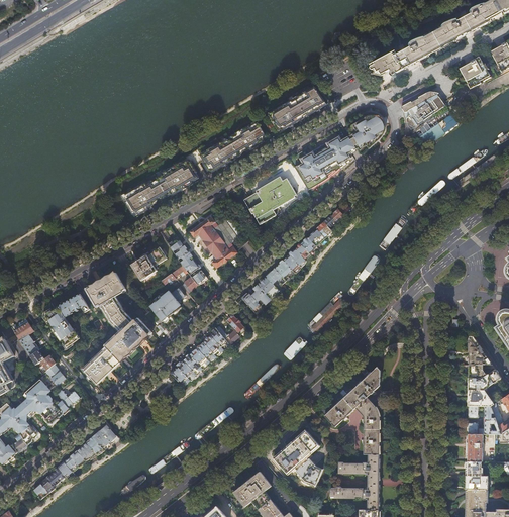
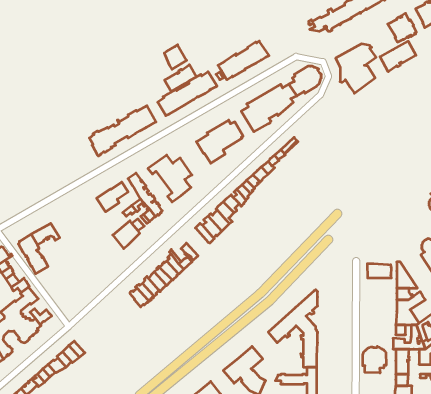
building: none -> [380,41,416,72]
building: none -> [164,45,187,69]
building: none -> [165,65,196,91]
building: [84,272,150,381] -> none
building: none -> [367,264,391,278]
building: none -> [363,346,386,373]

